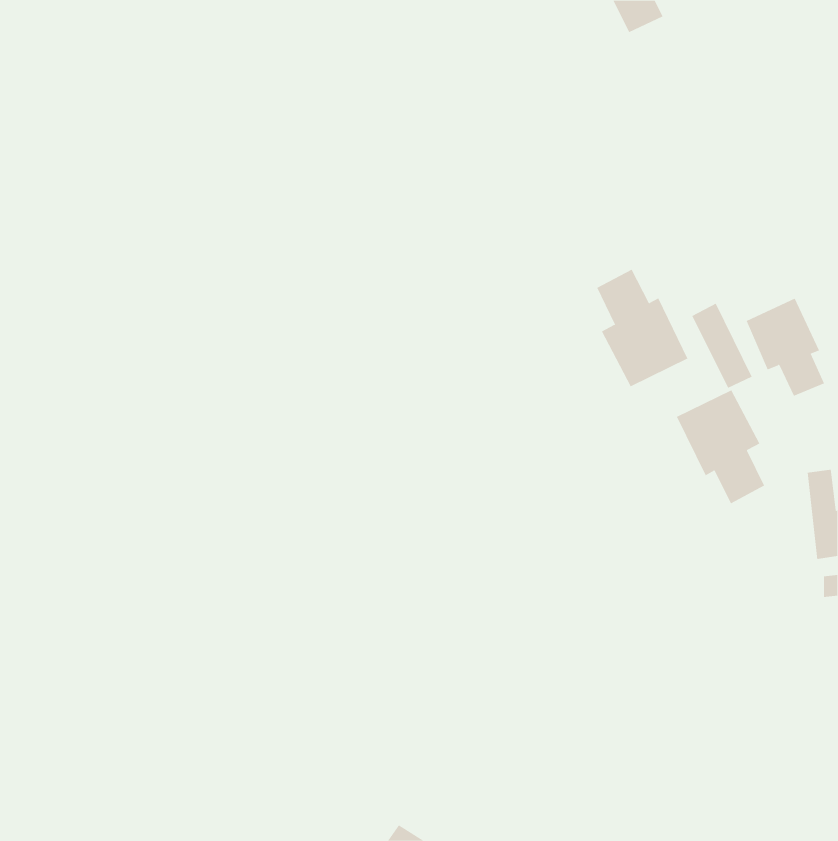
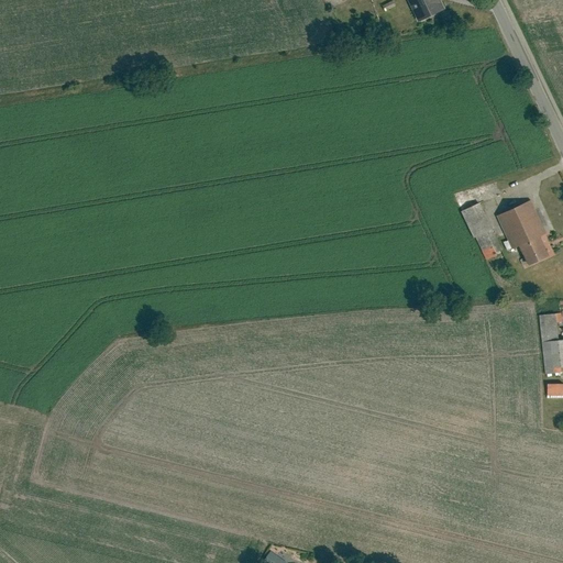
building: [597,269,688,387] -> none
building: [676,389,765,504] -> none

